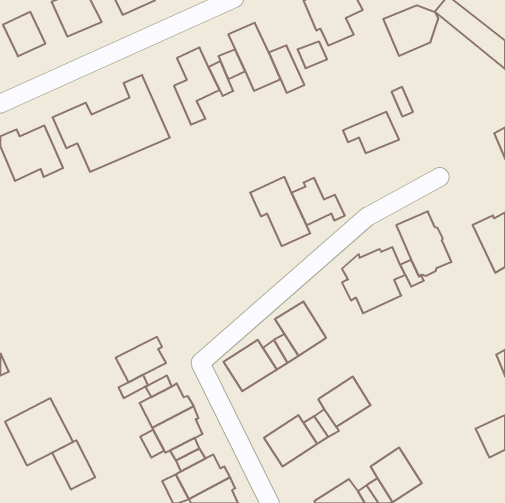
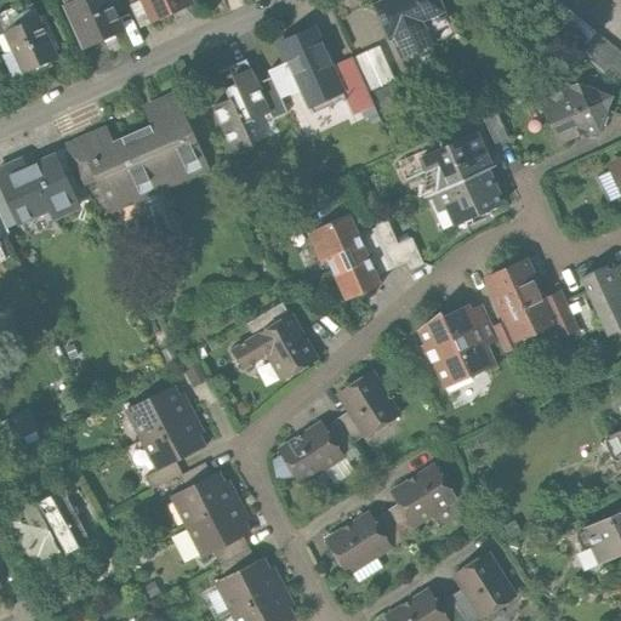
building: [383,5,438,56] -> [540,80,608,142]
building: none -> [428,171,503,226]
building: none -> [543,289,579,338]
building: none -> [233,314,318,380]
building: none -> [126,384,193,439]
building: [52,440,95,490] -> none

